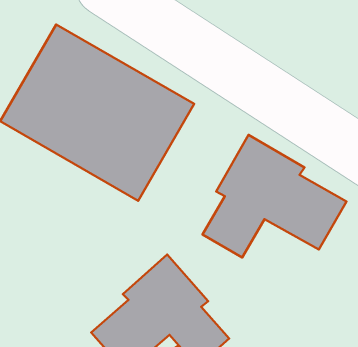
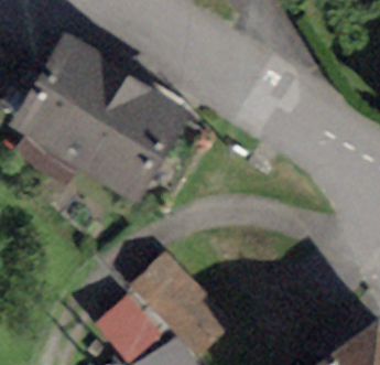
building: [203,135,346,257] -> none

